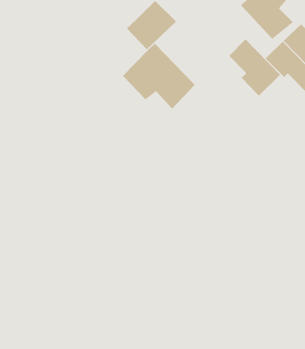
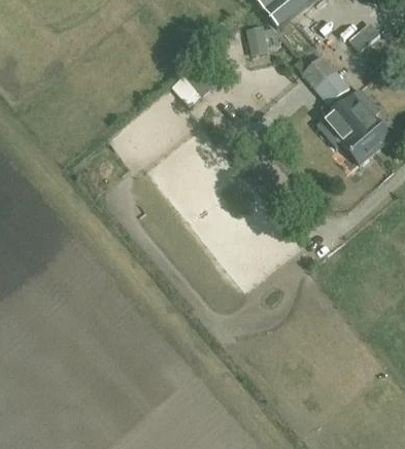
building: [229,39,281,96] -> none
building: [122,43,195,110] -> none

